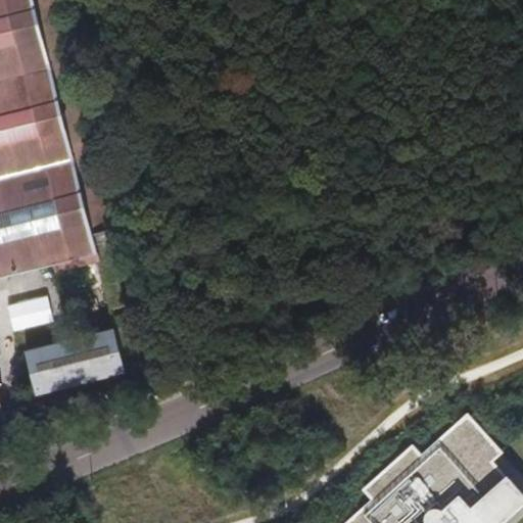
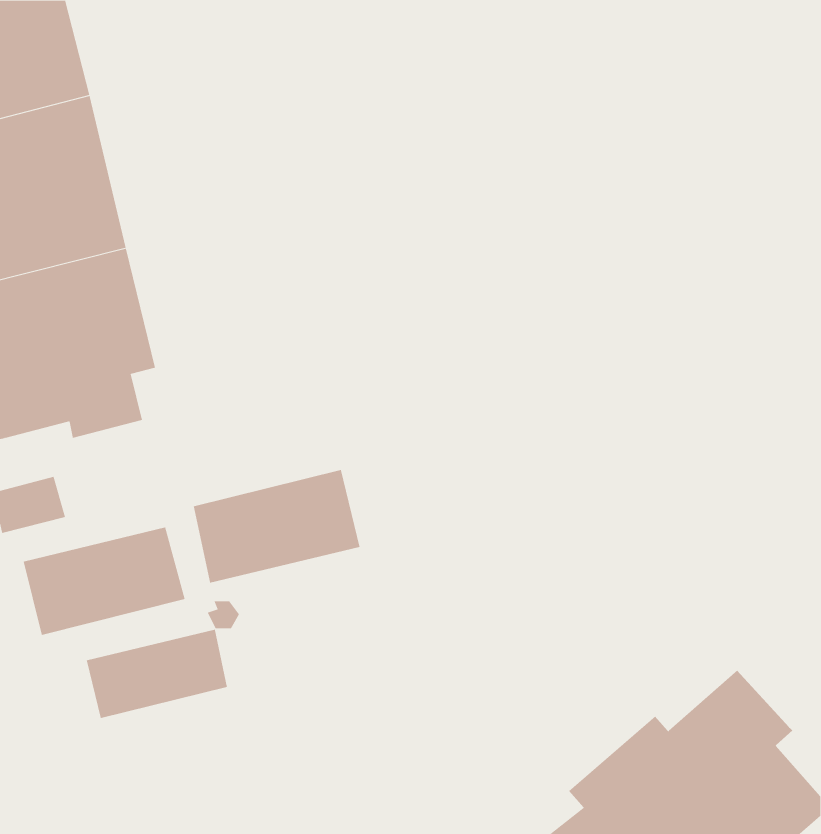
building: none -> [193,469,360,583]
building: none -> [86,629,228,719]

